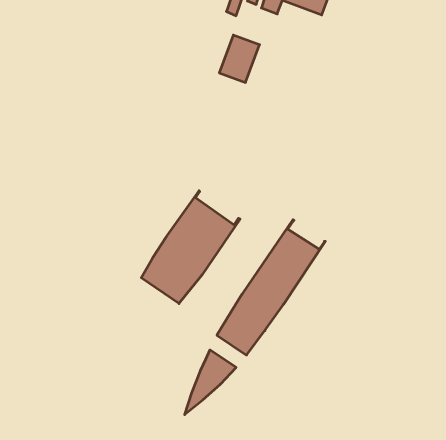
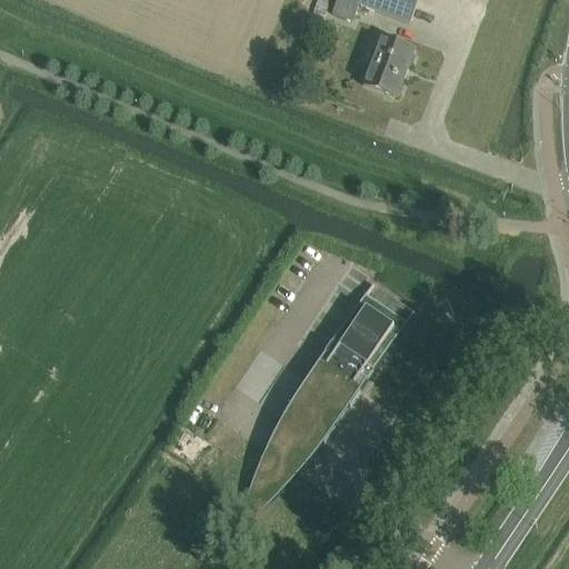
building: [219,35,260,82] -> [362,32,413,92]
building: [141,191,240,304] -> none

